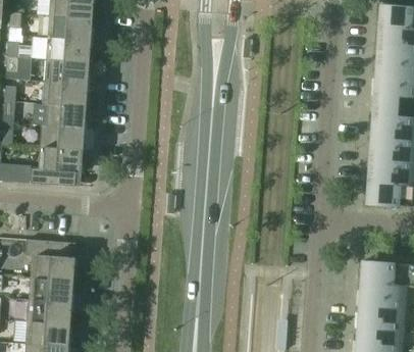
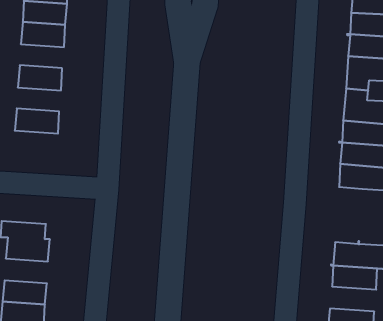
building: [44,59,89,84] -> none
building: [41,103,86,128] -> none
building: [30,147,83,186] -> none
building: [29,276,72,302] -> none
building: [357,305,405,331] -> none

